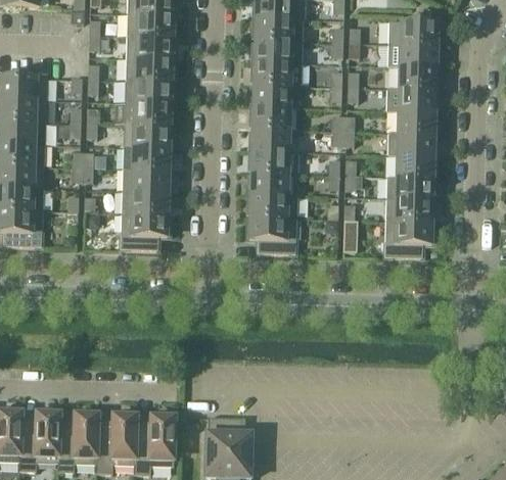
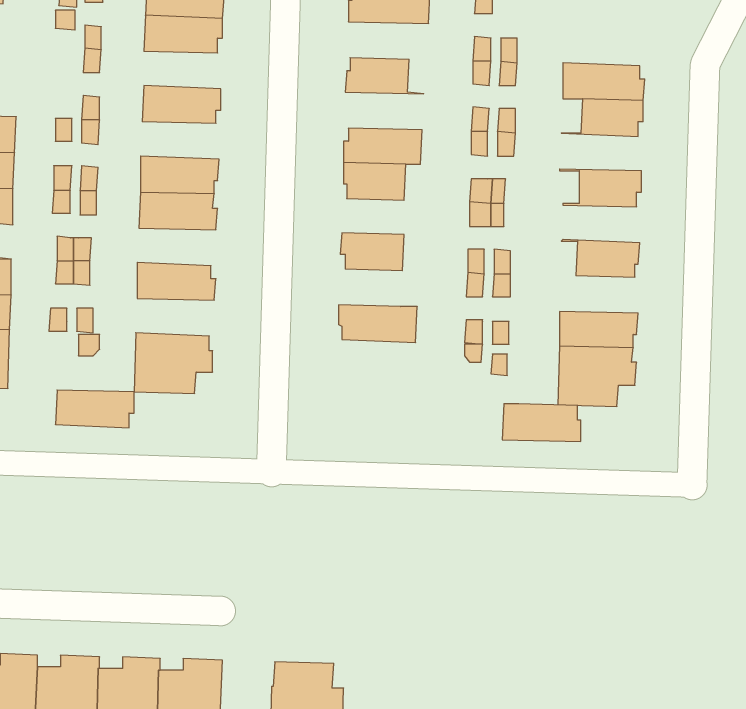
building: [252,17,304,41] -> none
building: [387,19,440,45] -> none
building: [126,36,174,59] -> none
building: [251,61,301,85] -> none
building: [124,80,173,103] -> none
building: [385,87,436,110] -> none
building: [249,128,288,150] -> none
building: [387,132,435,155] -> none
building: [122,146,171,170] -> none
building: [247,172,287,195] -> none
building: [385,176,434,199] -> [502,404,581,441]
building: [121,190,170,213] -> [55,390,134,428]
building: [246,215,295,253] -> none

